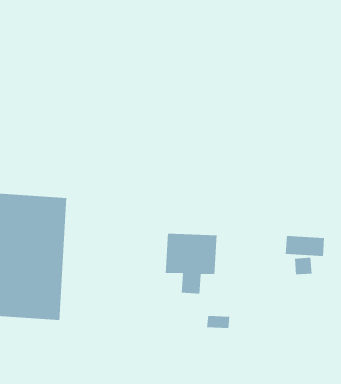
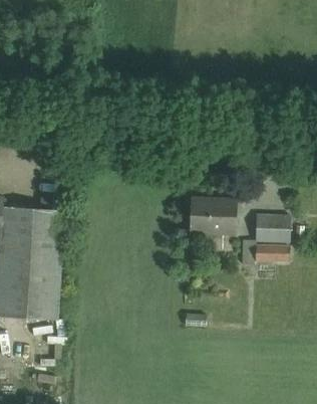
building: none -> [254,213,290,242]
building: [165,233,217,294] -> [190,196,236,250]

